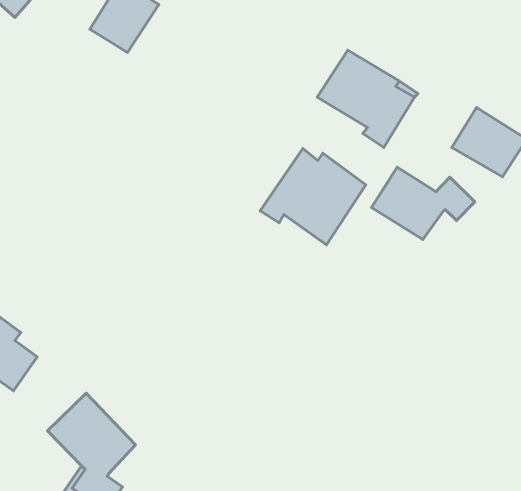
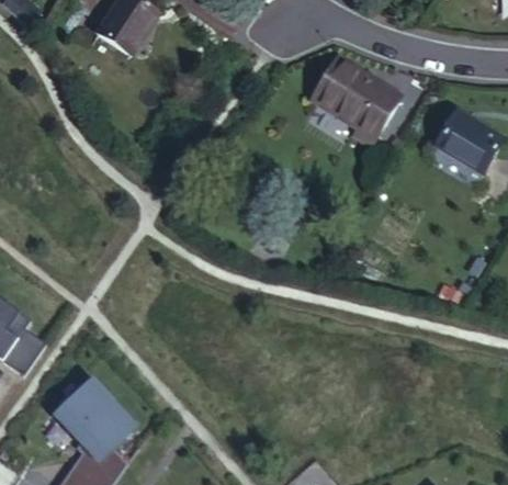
building: [260,148,366,245] -> none
building: [372,167,475,240] -> none

